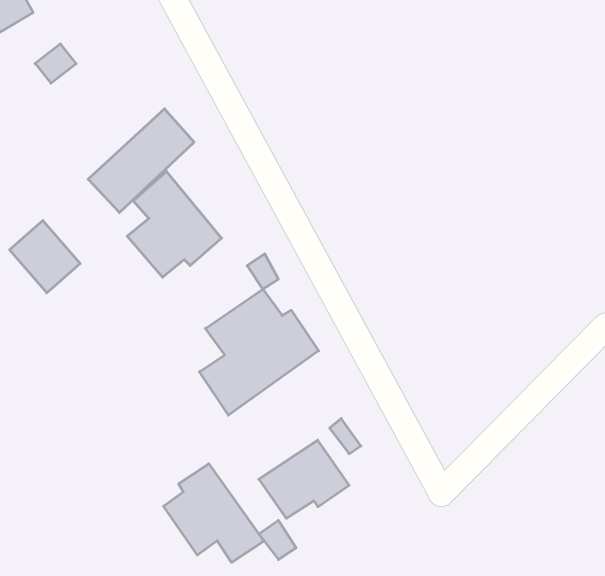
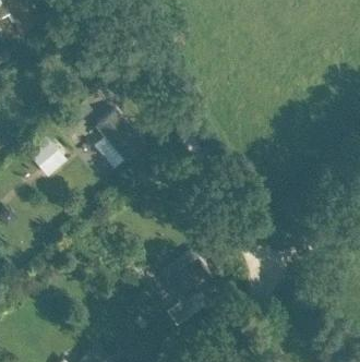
building: [199,289,319,415] -> none
building: [164,464,264,562] -> none

